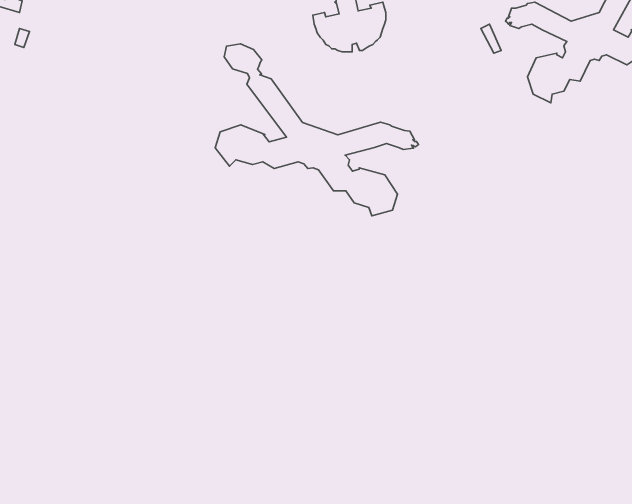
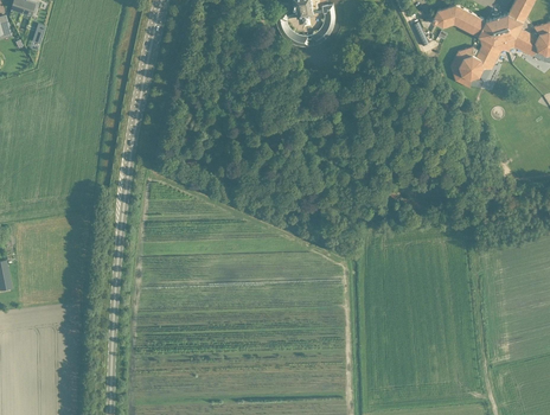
building: [215,44,419,216] -> none

